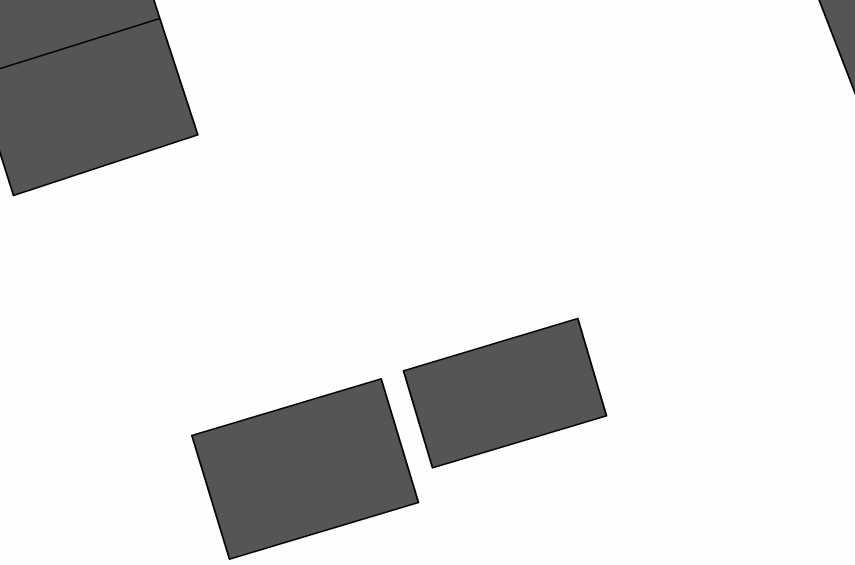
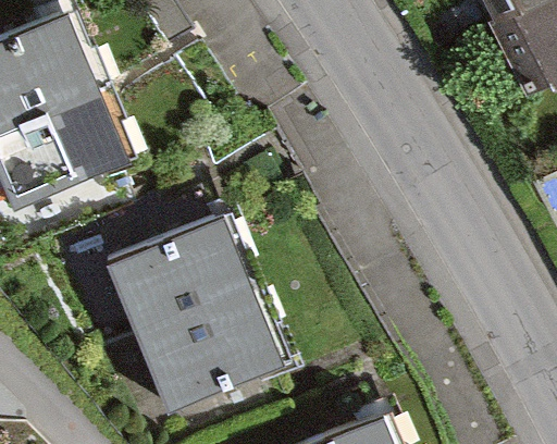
building: none -> [111,217,253,335]
building: [404,319,607,468] -> none

